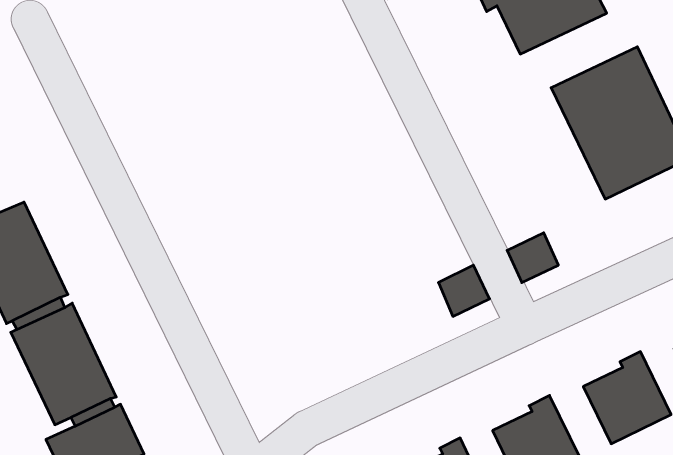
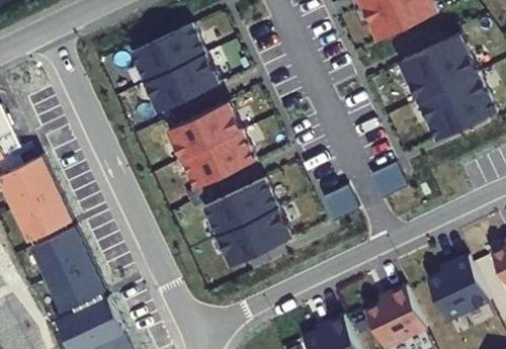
building: none -> [134,32,221,117]
building: none -> [169,108,256,193]
building: none -> [205,183,292,269]

